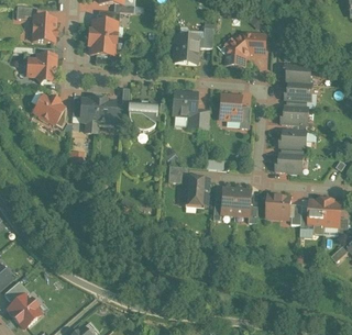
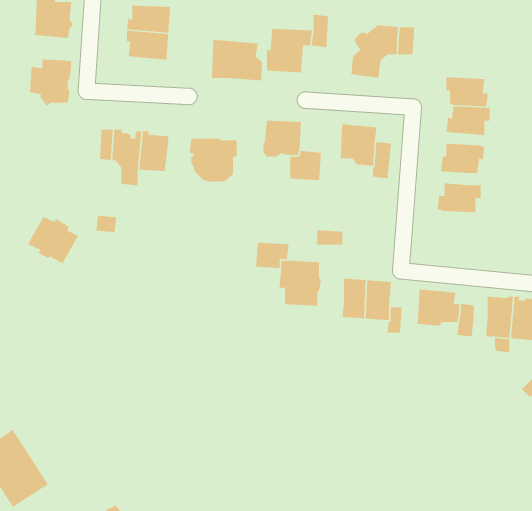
building: none -> [211,39,263,81]
building: [33,94,65,124] -> [27,216,79,264]
building: [276,153,304,174] -> none

